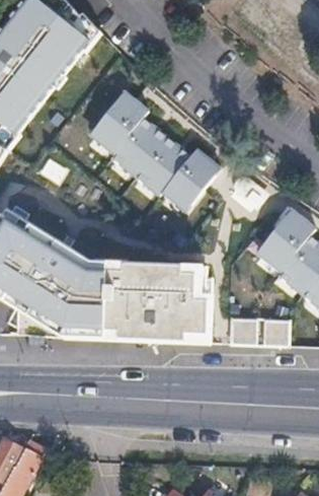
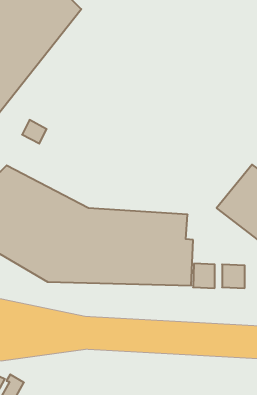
building: [81,91,225,217] -> none

